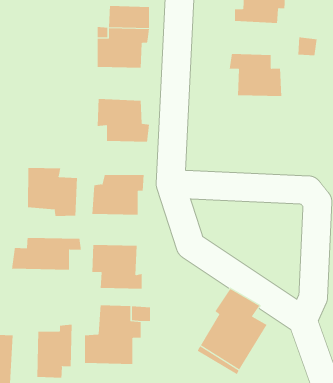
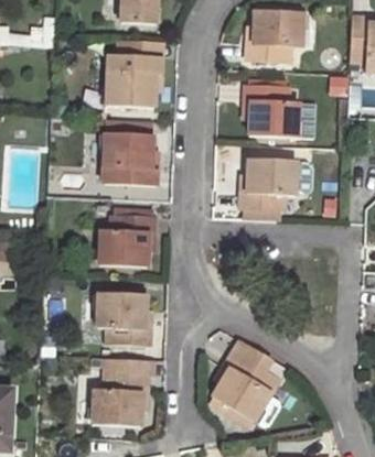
building: none -> [247,165,298,210]
building: [28,167,77,217] -> none
building: [12,237,82,270] -> none
building: [37,324,72,379] -> none

